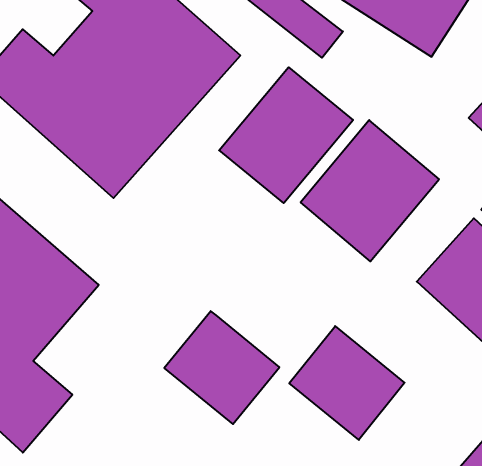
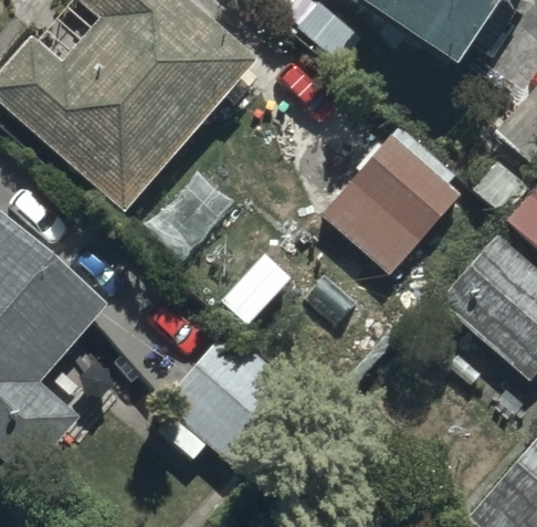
building: [219,67,353,203] -> none
building: [289,326,405,440] -> none

